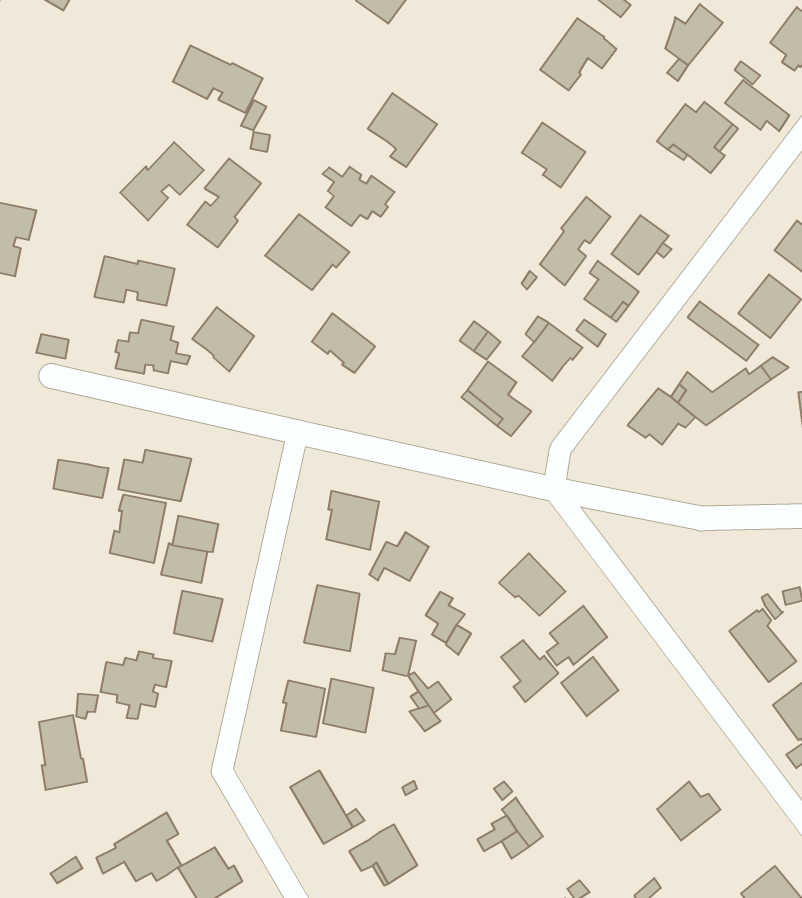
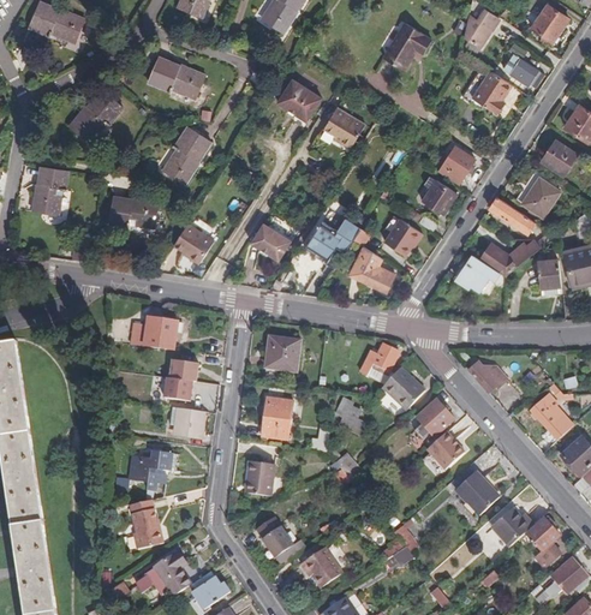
building: [522,123,585,187] -> [323,107,364,148]
building: [120,142,204,221] -> [67,89,120,141]
building: [322,167,395,226] -> none
building: [540,197,611,285] -> none
building: [265,214,349,290] -> none
building: [116,320,190,374] -> none
building: none -> [306,223,348,264]
building: none -> [538,261,562,299]
building: [54,460,108,498] -> none
building: [110,495,166,563] -> none
building: [369,532,429,581] -> [360,345,398,377]
building: none -> [467,362,507,392]
building: [501,640,558,702] -> none
building: [323,679,373,733] -> none
building: [39,715,87,790] -> [129,500,162,549]
building: none -> [455,472,497,515]
building: none -> [525,518,557,566]

